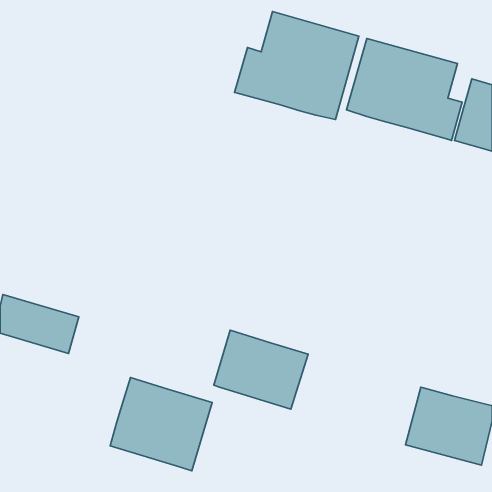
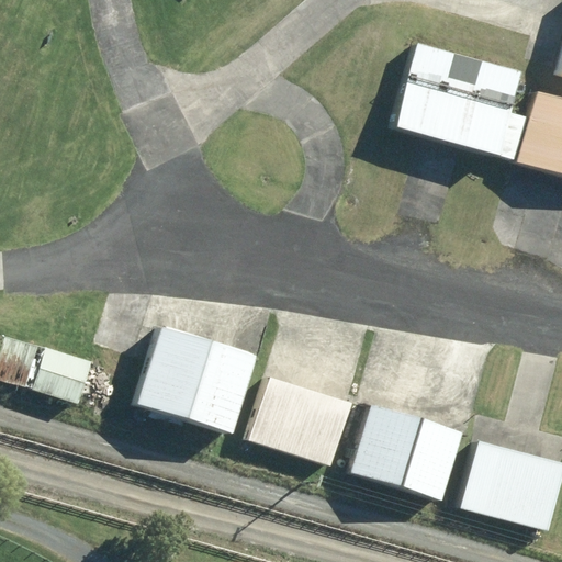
building: [235,11,359,119] -> none
building: none -> [350,405,463,502]
building: [110,378,212,471] -> [139,326,256,432]

